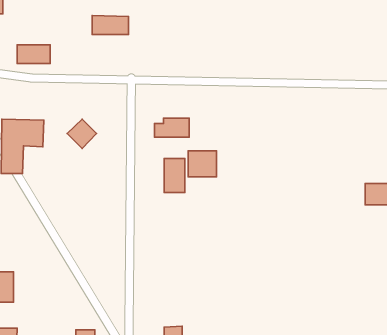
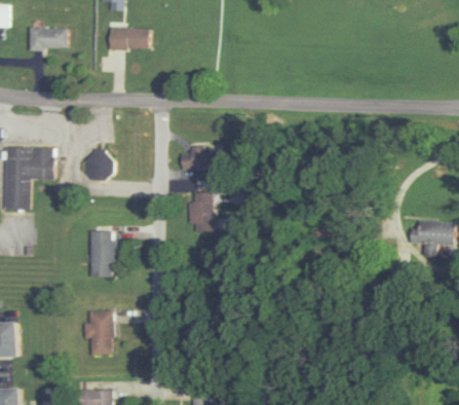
building: [17,45,50,64] -> [29,28,67,49]
building: [188,151,216,177] -> none
building: none -> [90,230,114,277]
building: none -> [83,310,112,355]

